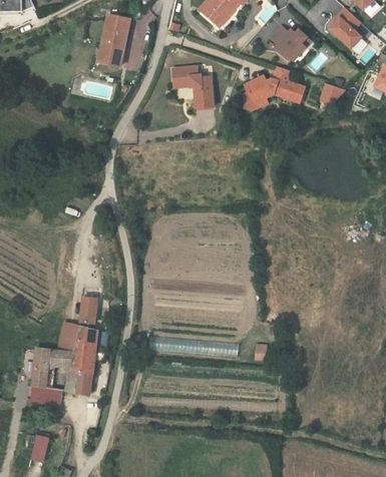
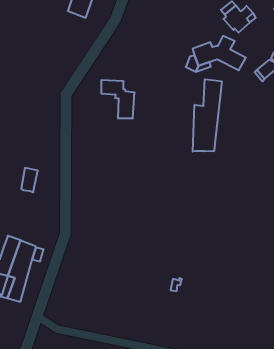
building: [171,65,213,107] -> [101,80,135,118]
building: none -> [193,79,222,152]
building: [79,297,95,323] -> [21,168,38,192]

